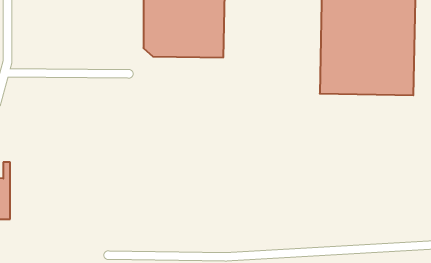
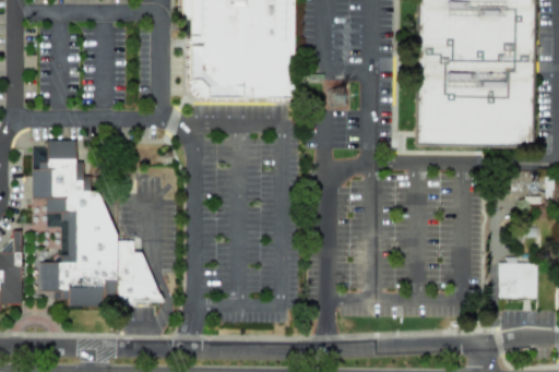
building: none -> [33,141,163,308]
building: none -> [499,256,537,299]

